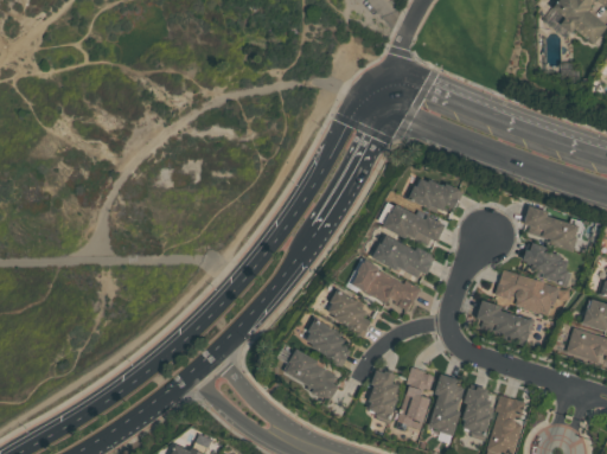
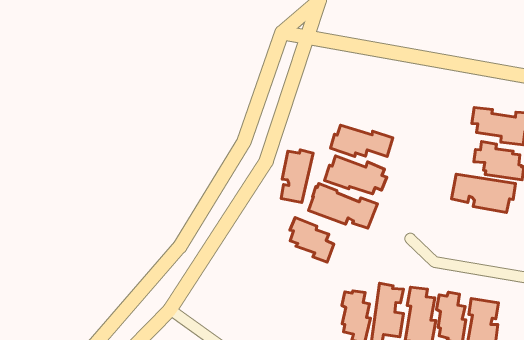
building: [404,179,460,212] -> none
building: none -> [281,150,313,202]
building: [477,300,533,341] -> none
building: [306,319,351,366] -> none
building: [283,349,339,403] -> none

